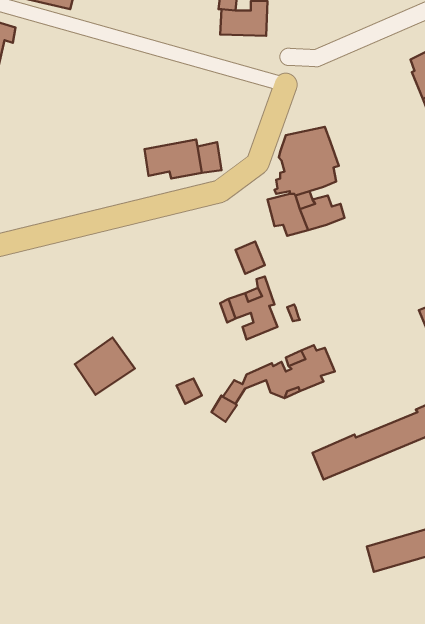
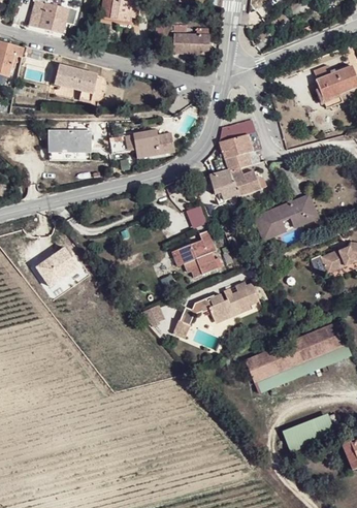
building: none -> [54,63,97,102]
building: none -> [48,131,91,161]
building: none -> [255,194,318,239]
building: [75,338,135,395] -> [36,246,80,288]

